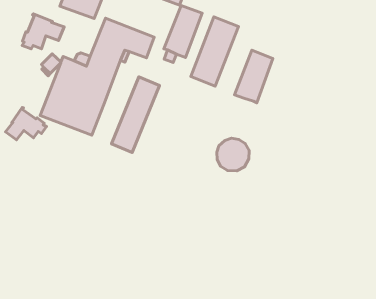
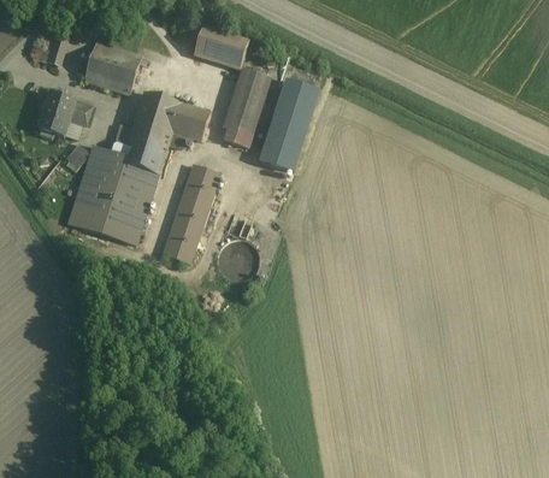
building: [235,50,273,103] -> none
building: [6,108,47,140] -> none
building: [217,138,249,171] -> [217,237,259,279]

